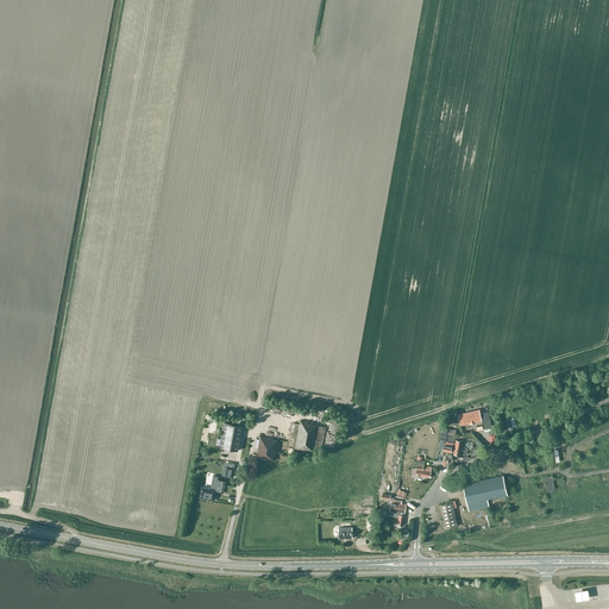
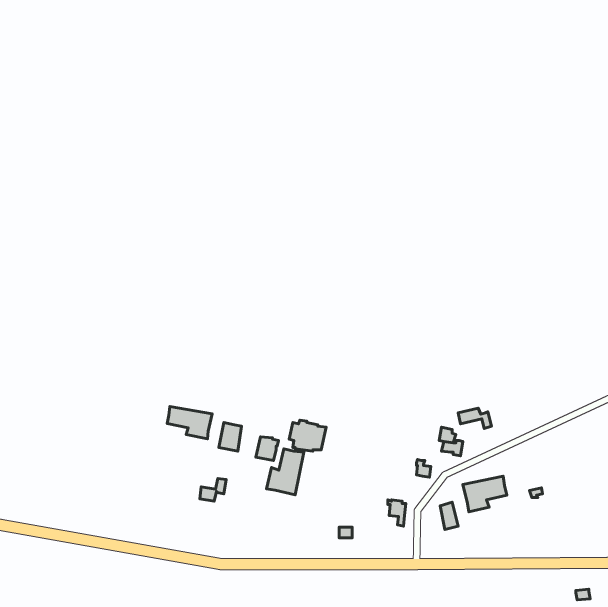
building: none -> [167,406,212,439]
building: none -> [267,449,304,495]

